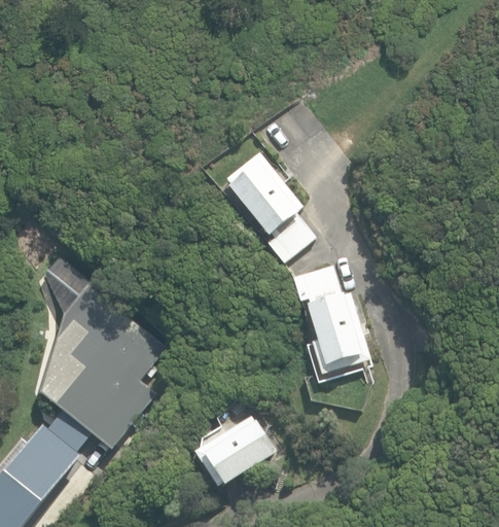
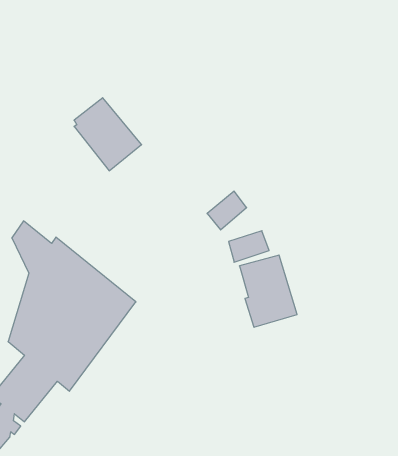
building: [224,153,301,237] -> [74,98,142,171]
building: [194,413,277,486] -> none

